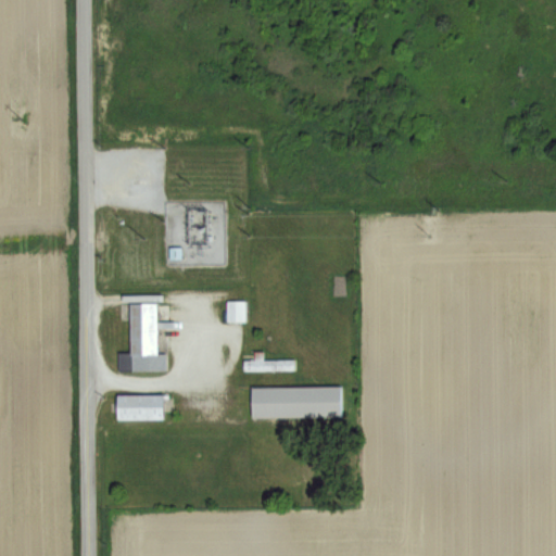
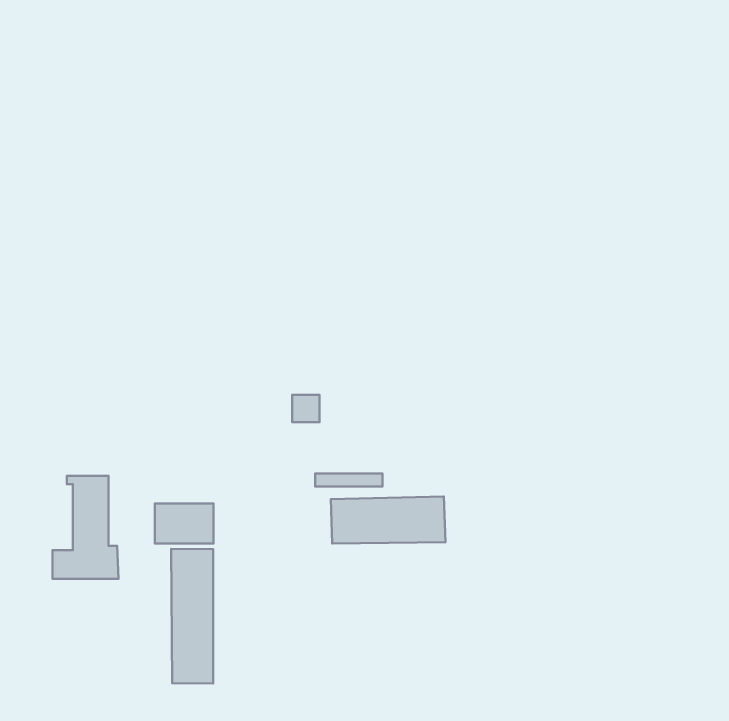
building: [116,298,166,376] -> [53,476,119,579]
building: none -> [171,549,213,684]

